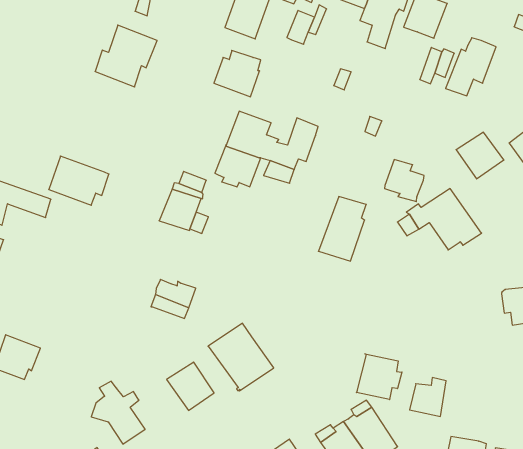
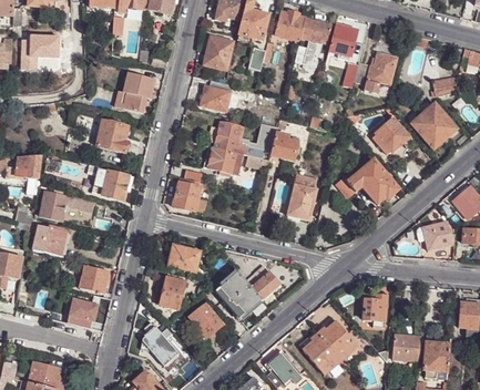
building: none -> [96,120,129,153]
building: [385,160,424,202] -> [270,134,297,162]
building: none -> [80,265,110,294]
building: none -> [246,264,282,300]
building: none -> [161,277,186,308]
building: [356,354,402,400] -> none

